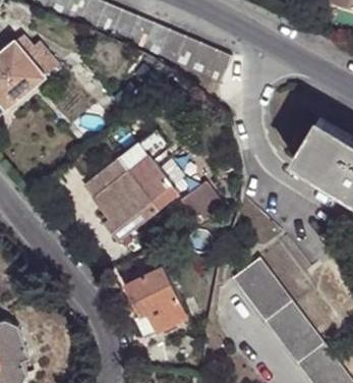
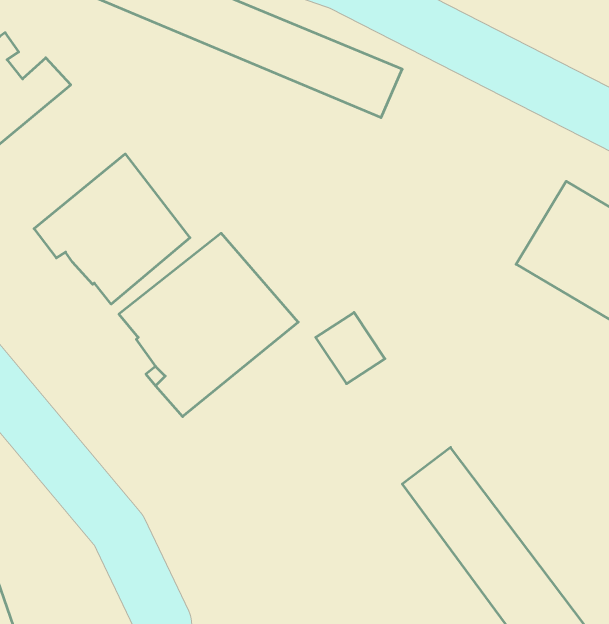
building: none -> [34,154,190,304]
building: [123,266,187,337] -> none

